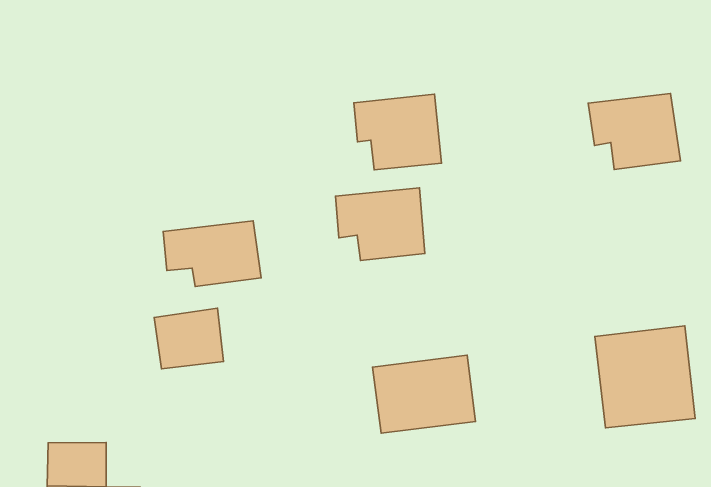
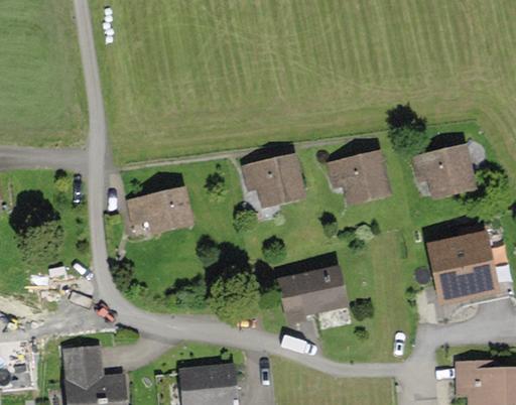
building: [588,93,680,170] -> [411,144,478,199]
building: [354,94,441,170] -> [328,151,391,207]
building: [154,308,224,369] -> none

